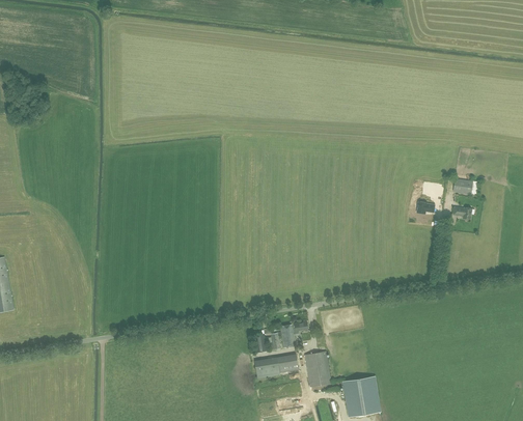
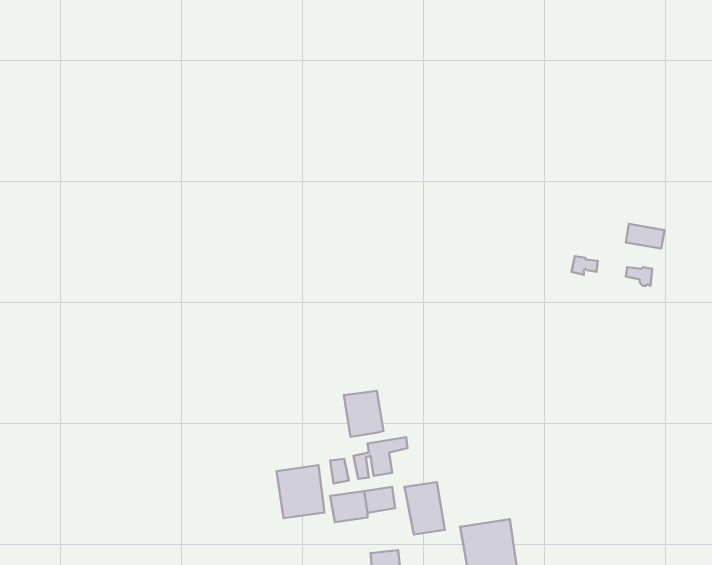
building: none -> [344,391,383,437]
building: none -> [277,465,324,518]

